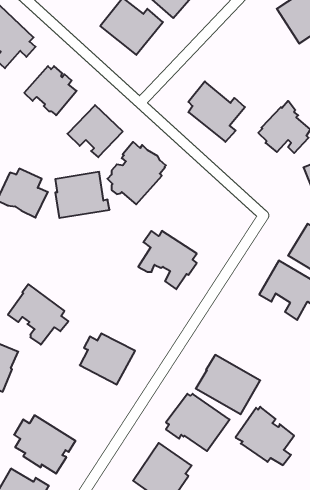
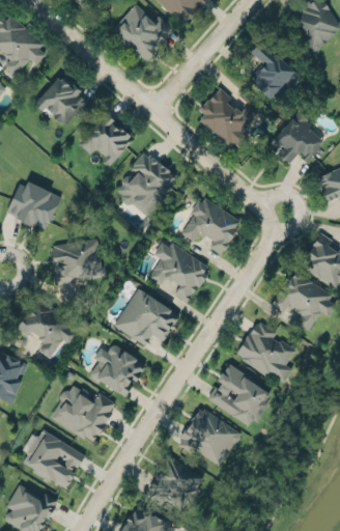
building: none -> [248,37,298,101]
building: [55,172,110,218] -> [52,237,107,284]
building: none -> [180,198,240,255]
building: none -> [114,287,178,344]
building: none -> [52,384,115,440]
building: [236,407,294,465] -> [235,320,294,380]

